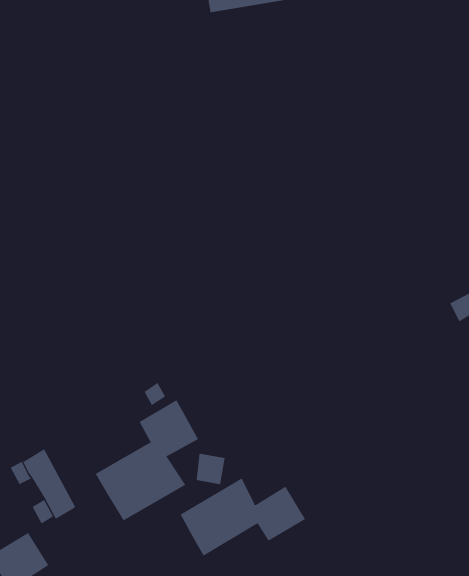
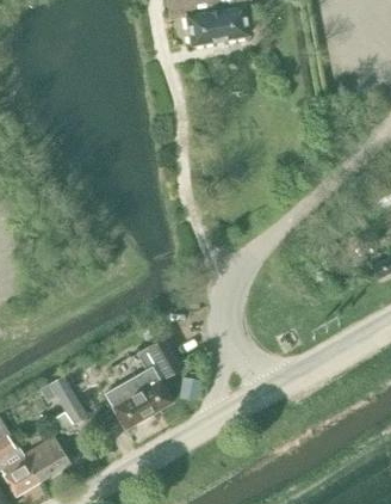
building: [180,478,306,556] -> none

